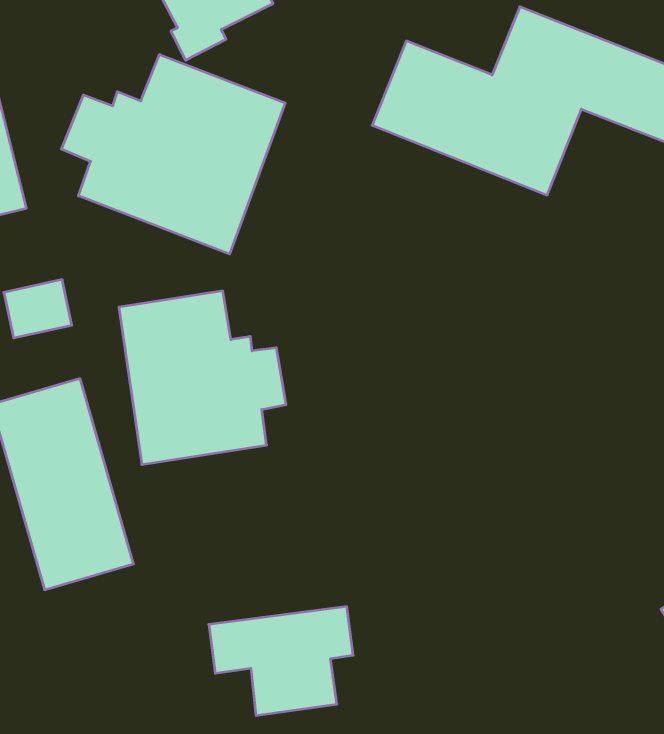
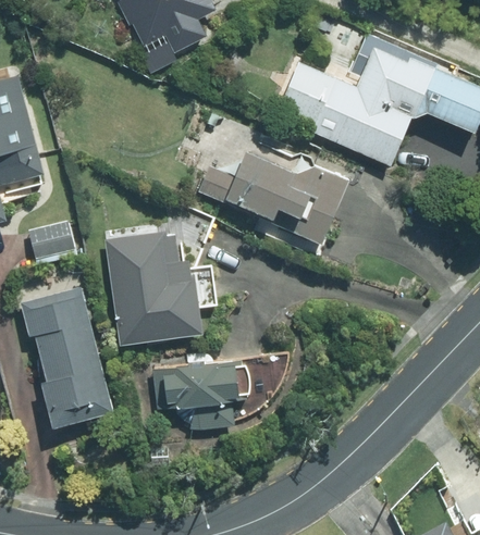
building: [61,54,285,254] -> none
building: none -> [199,150,345,244]
building: [209,607,353,715] -> [153,360,250,433]

